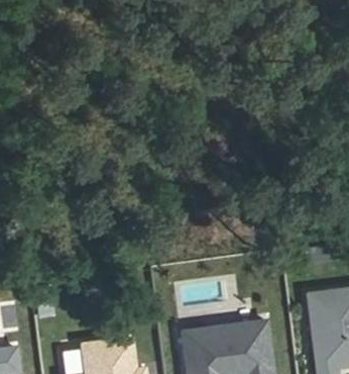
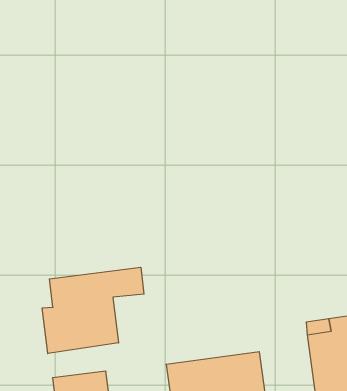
building: none -> [42,267,144,354]

